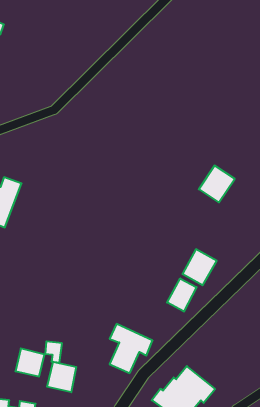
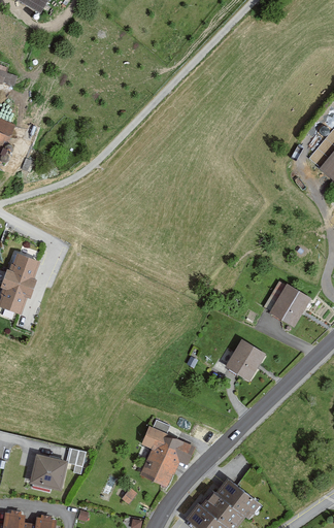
building: [199,166,235,202] -> [270,284,312,327]
building: [167,278,197,312] -> none
building: [47,362,76,392] -> none

